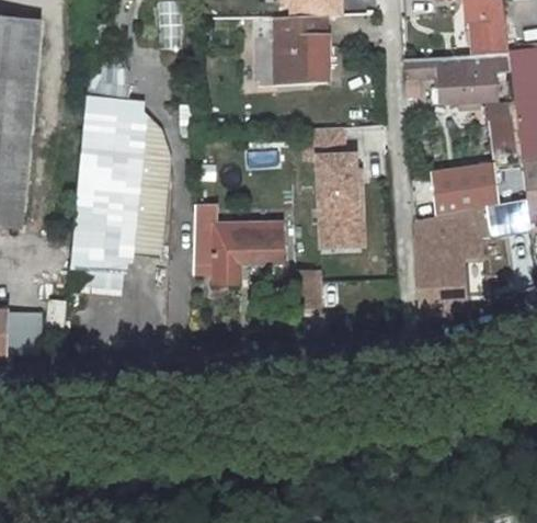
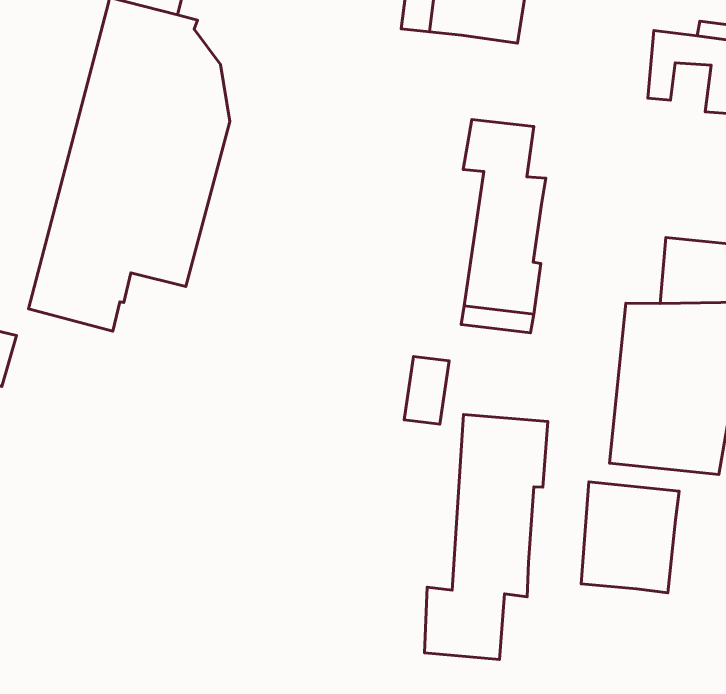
building: [197,202,284,281] -> none
building: none -> [424,414,548,660]
building: none -> [581,482,679,593]

